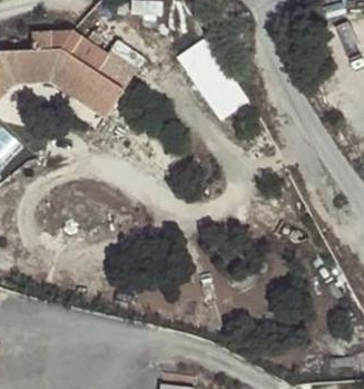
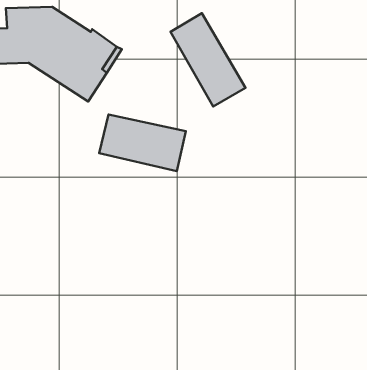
building: none -> [99,114,186,171]

